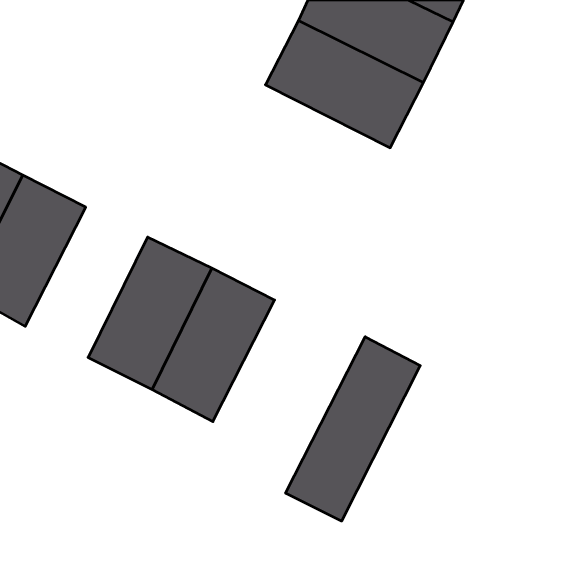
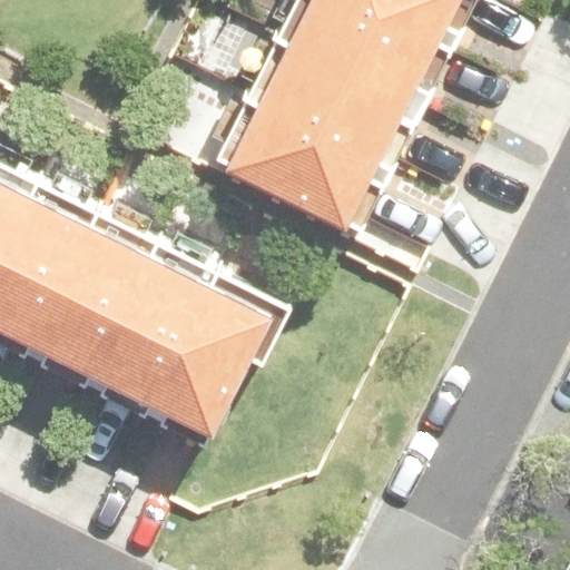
building: none -> [228,100,380,223]
building: none -> [24,219,144,365]
building: [286,337,420,521] -> none

